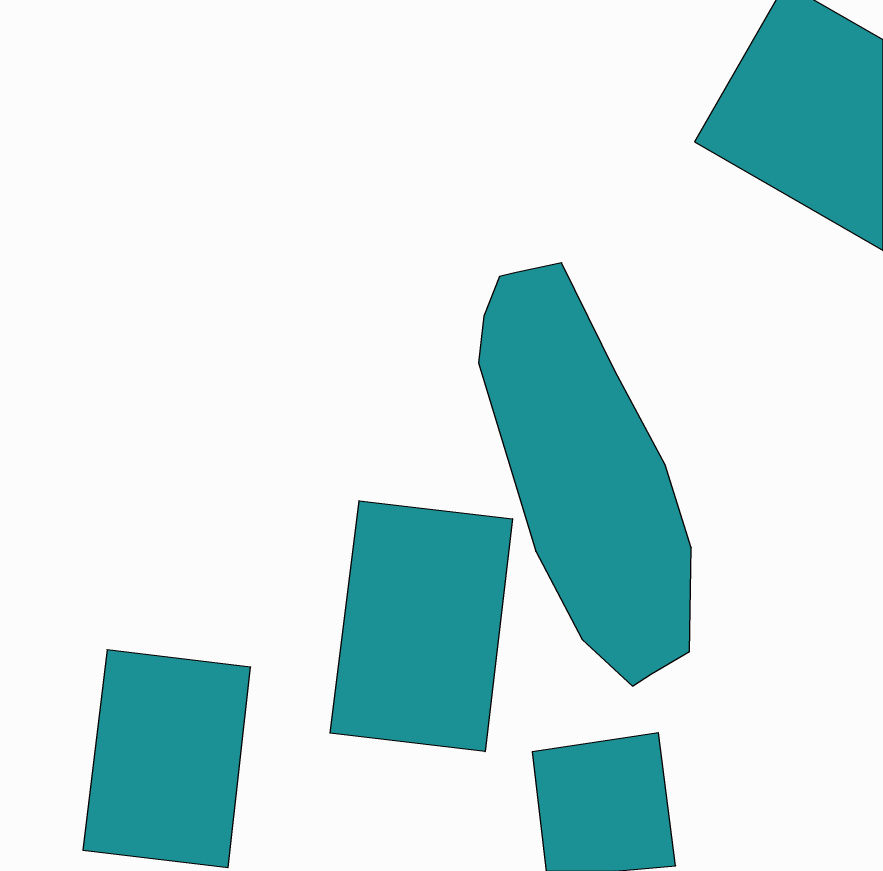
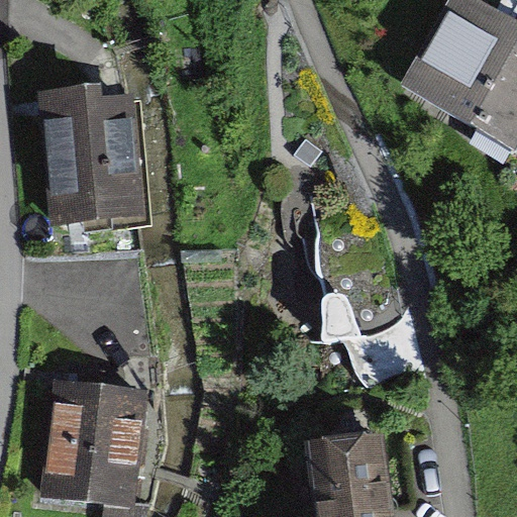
building: none -> [36,83,143,232]
building: [330,501,512,752] -> none

